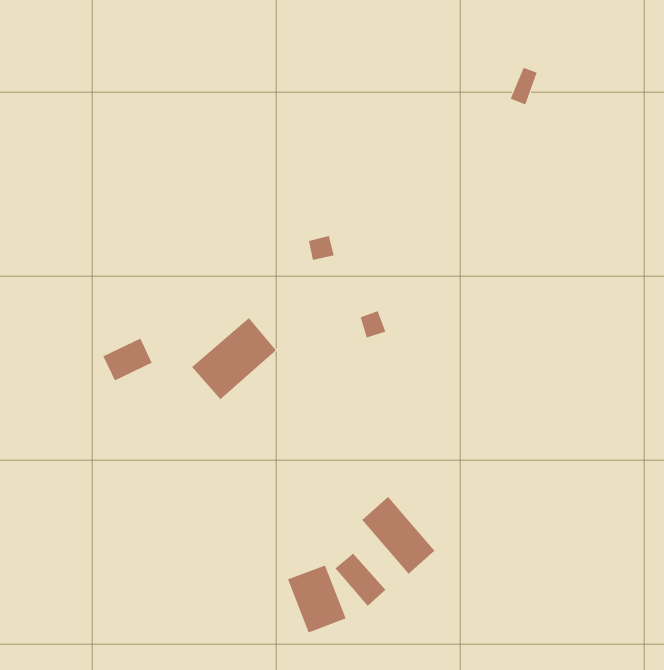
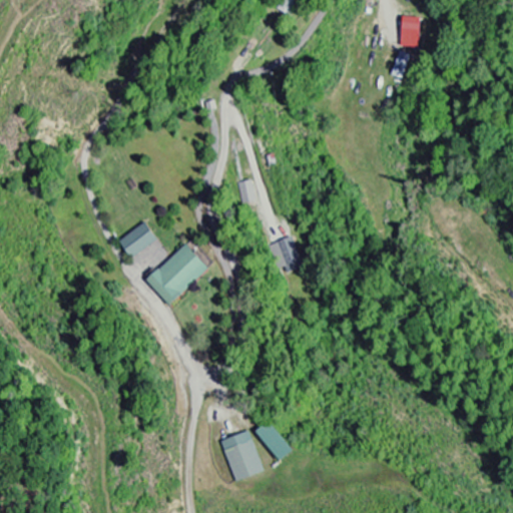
building: none -> [401,17,423,48]
building: [103,338,153,381] -> [119,221,157,254]
building: [361,496,435,575] -> none

